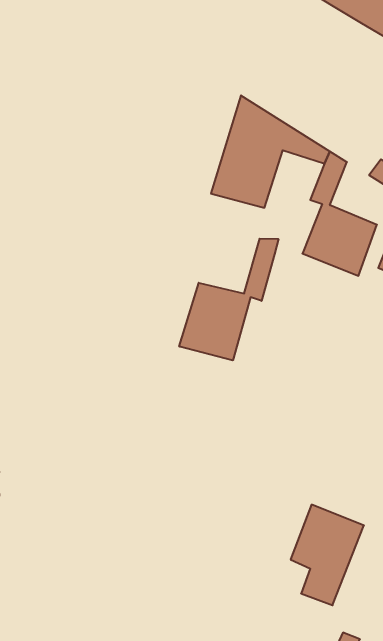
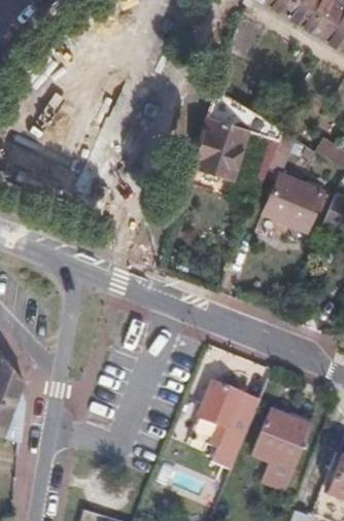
building: [179,239,278,360] -> none
building: none -> [192,384,261,470]

